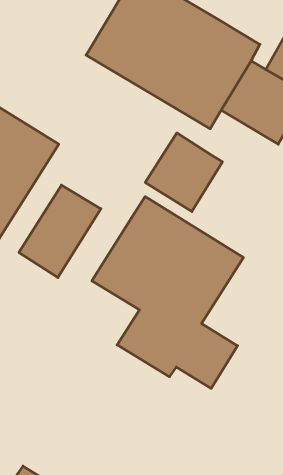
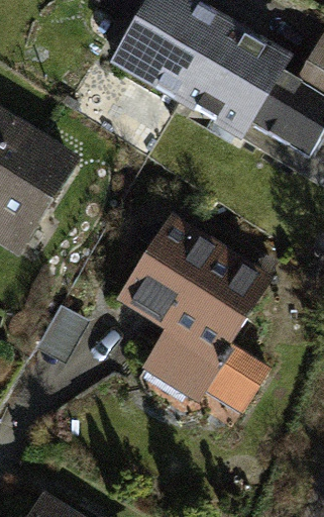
building: [145,133,222,212] -> none
building: [19,185,101,278] -> none

